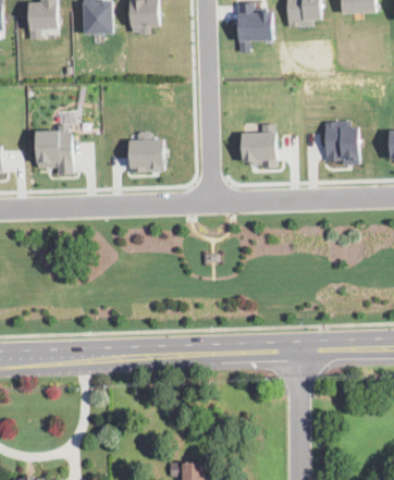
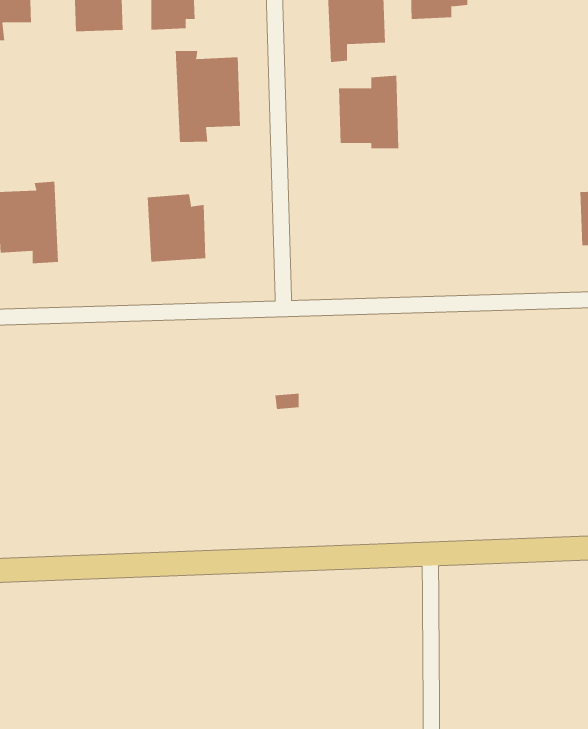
building: none -> [175,50,240,143]
building: [323,121,359,165] -> none
building: [241,123,278,168] -> [338,75,399,149]

